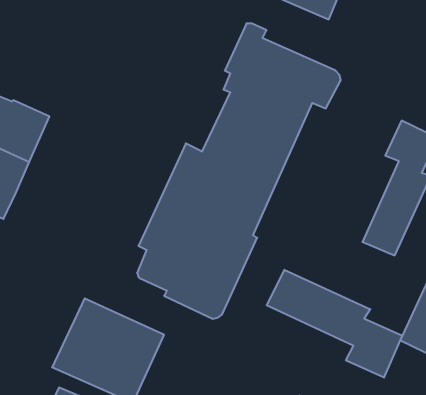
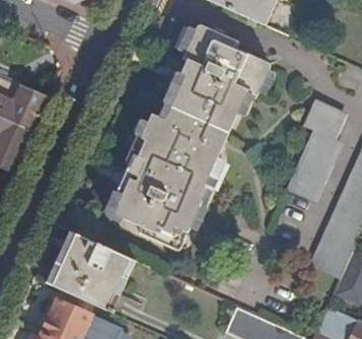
building: [267,270,402,378] -> none

